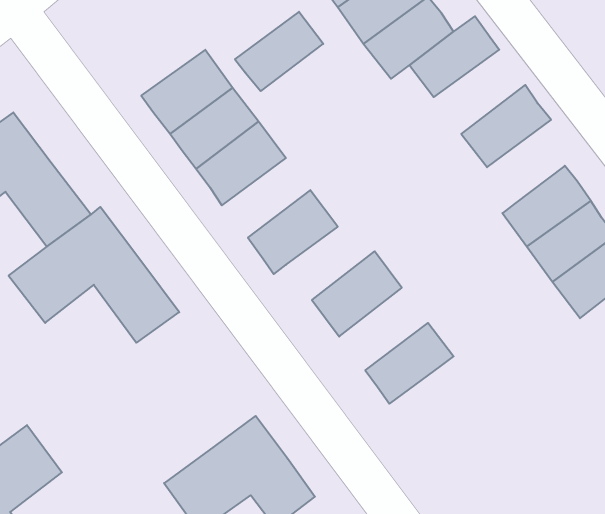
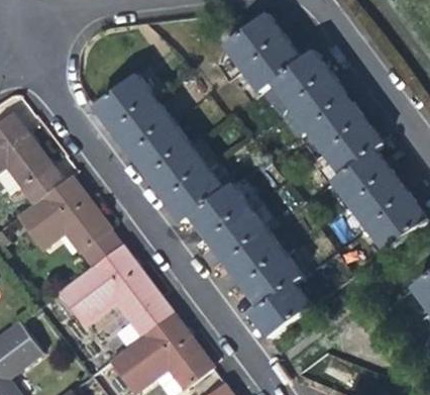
building: [235,12,323,91] -> [148,145,207,198]
building: none -> [289,74,349,129]
building: none -> [324,120,384,176]
building: none -> [191,185,249,239]
building: none -> [226,231,285,286]
building: none -> [60,248,171,336]
building: none -> [251,283,312,338]

